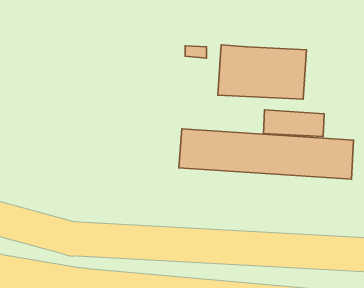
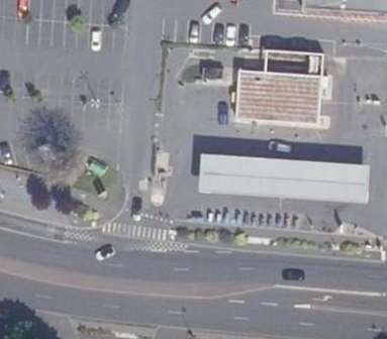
building: [264,110,324,136] -> [265,48,324,75]

